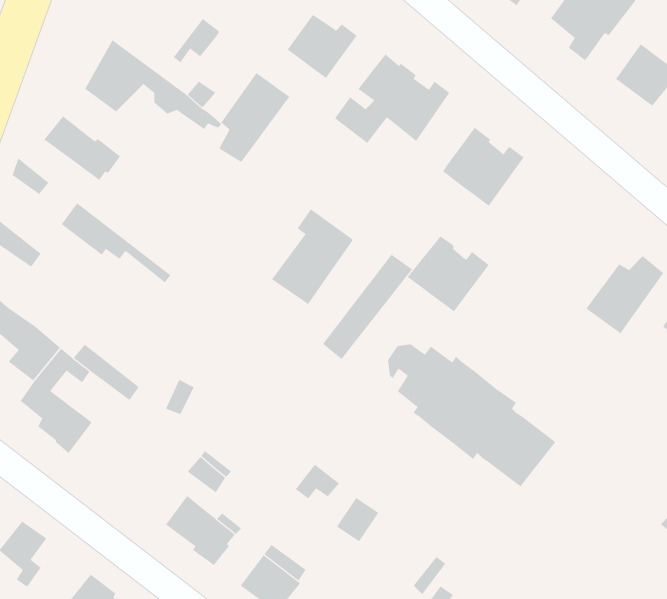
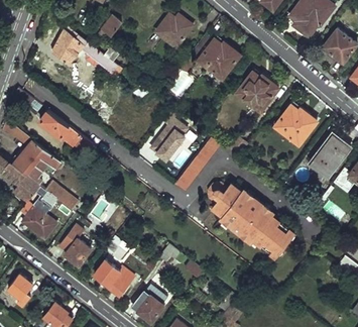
building: [219,72,290,163] -> none
building: [43,116,121,181] -> none
building: [407,236,489,312] -> [273,106,316,145]
building: none -> [13,140,61,175]
building: none -> [63,235,89,265]

